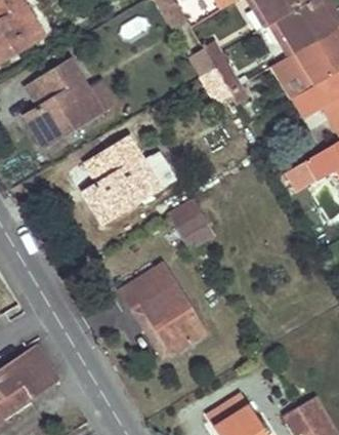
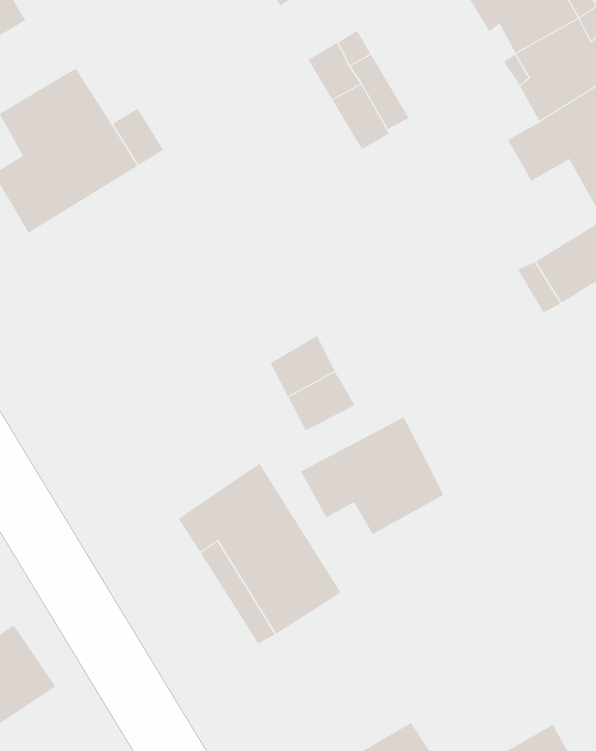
building: [83,137,173,222] -> none
building: none -> [300,416,444,535]

